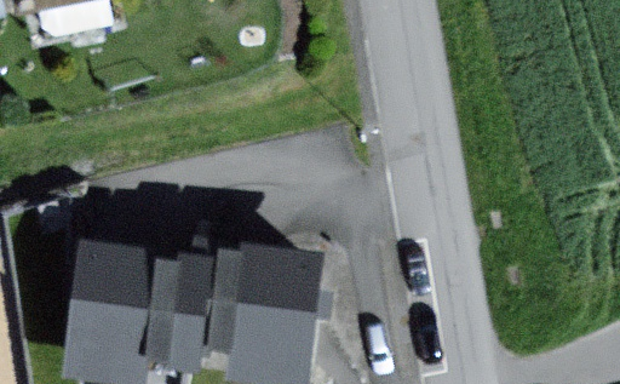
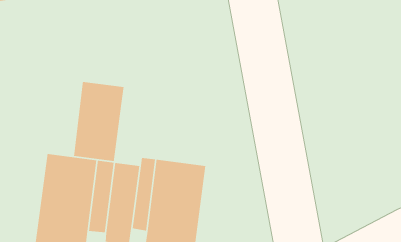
building: none -> [73,81,124,162]

